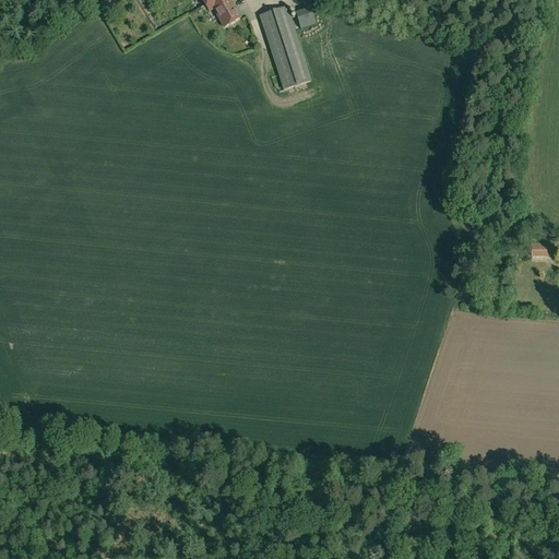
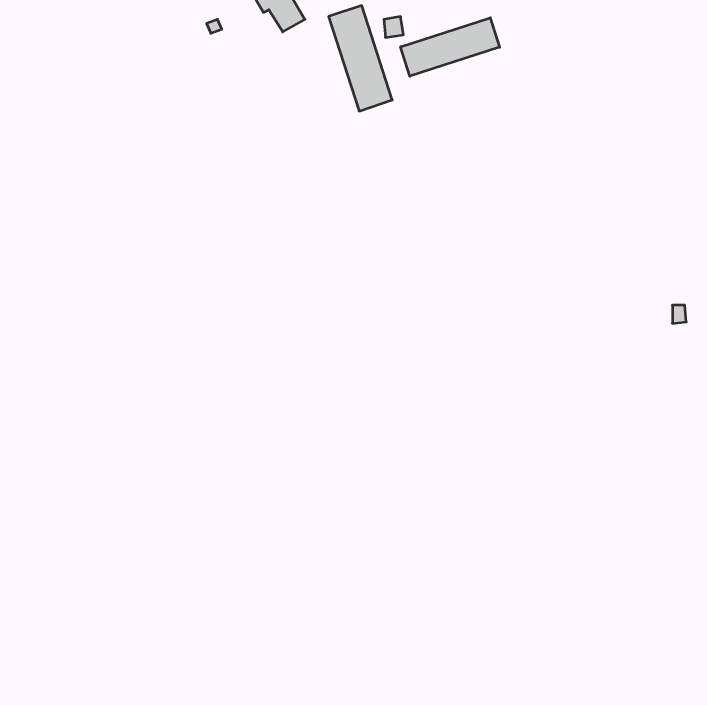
building: none -> [401,18,500,76]

